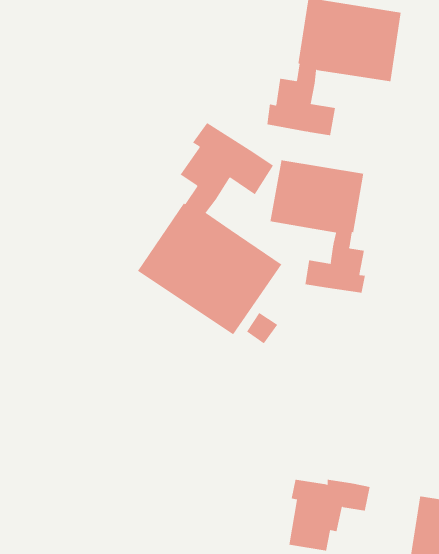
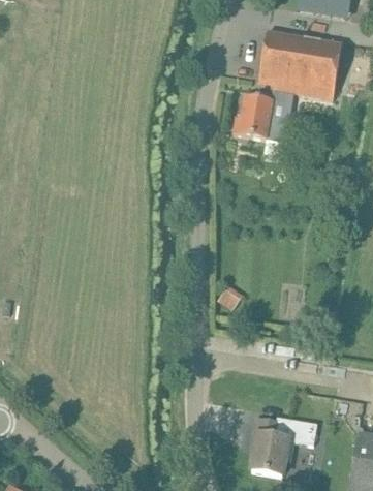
building: [137,122,282,335] -> none
building: [270,160,366,293] -> none

